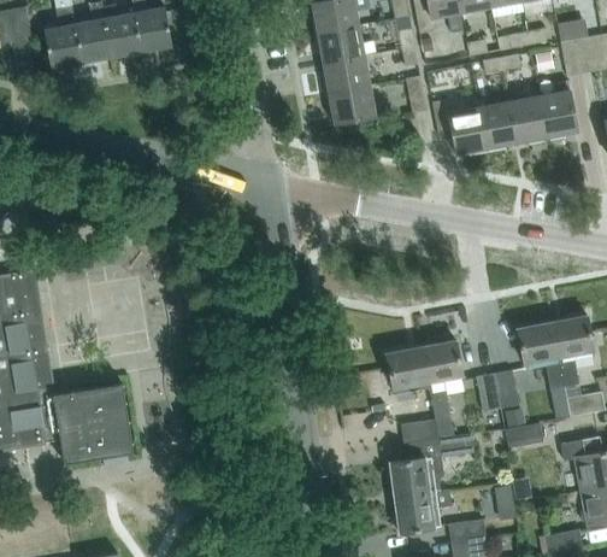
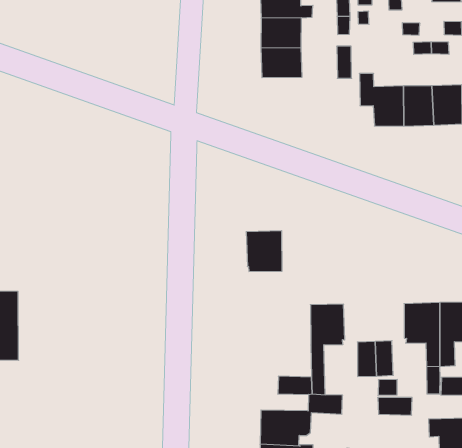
building: [385,346,429,393] -> [246,231,282,271]

